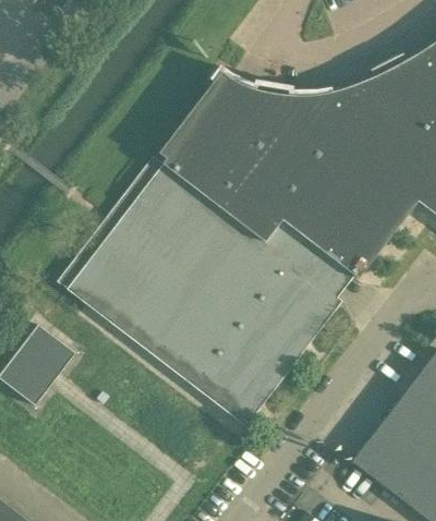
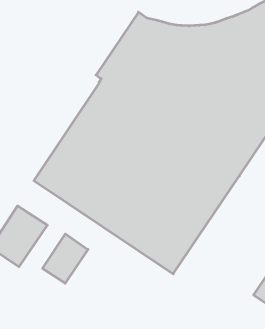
building: none -> [43,234,88,283]

